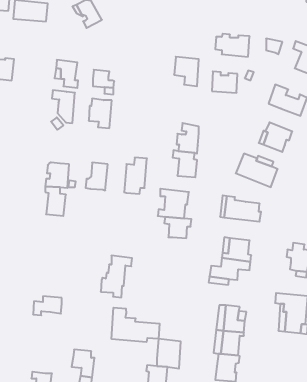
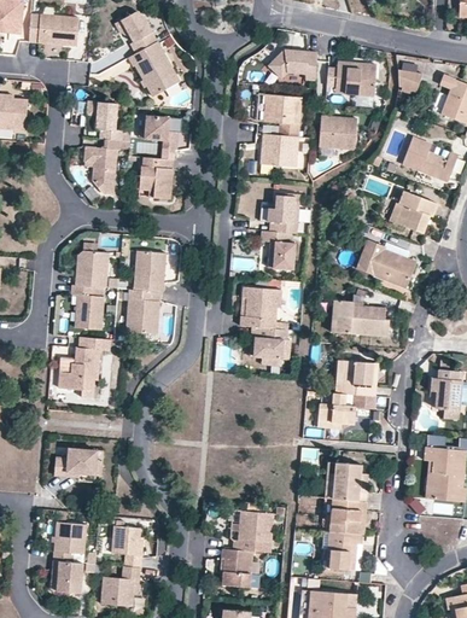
building: none -> [127,41,177,95]
building: none -> [264,53,314,84]
building: none -> [259,135,297,169]
building: [124,158,147,194] -> [124,290,158,343]
building: [101,256,132,297] -> [63,336,109,397]
building: [112,308,160,342] -> none
building: none -> [54,520,88,561]

